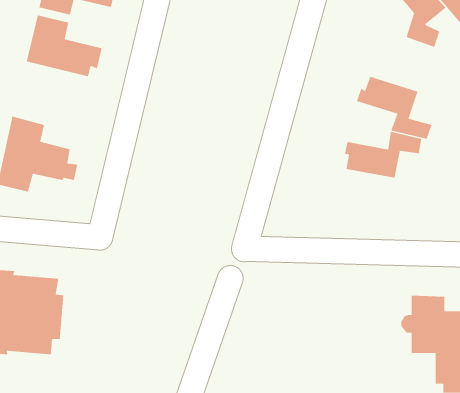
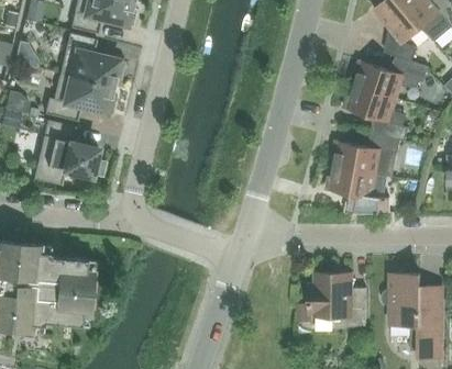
building: none -> [355,57,428,99]
building: none -> [45,74,117,121]
building: none -> [327,166,389,212]
building: none -> [309,273,366,327]

